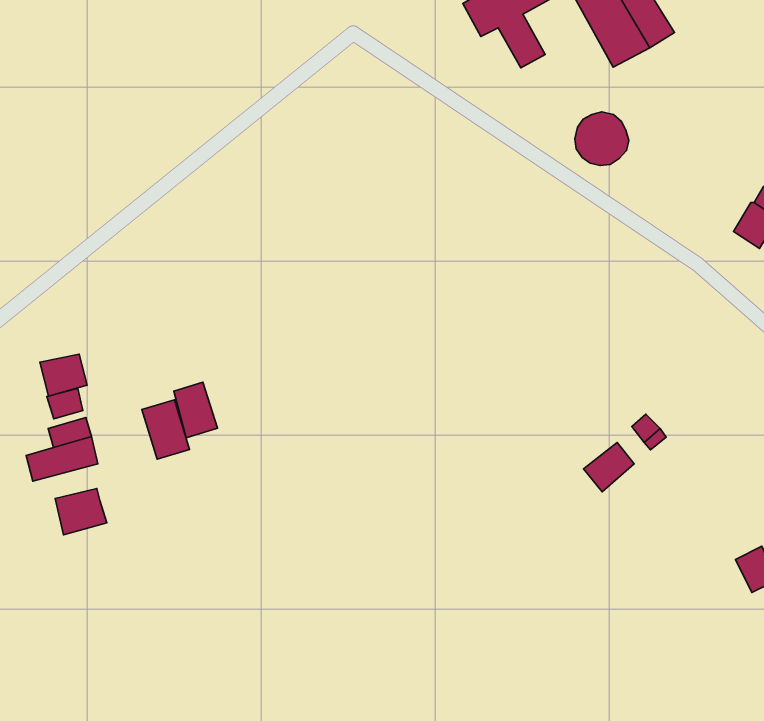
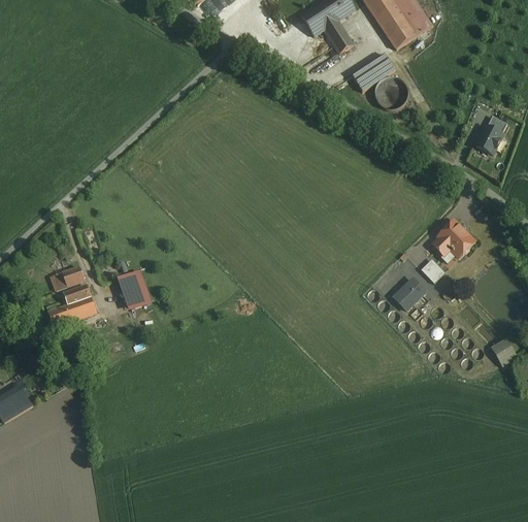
building: none -> [351,54,395,91]
building: none -> [432,220,473,256]
building: [40,354,87,396] -> none
building: [174,382,218,438] -> none
building: [55,488,107,535] -> none

